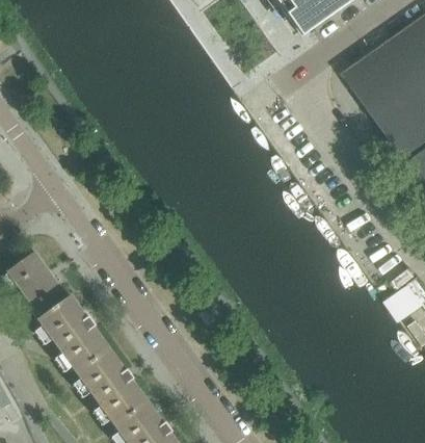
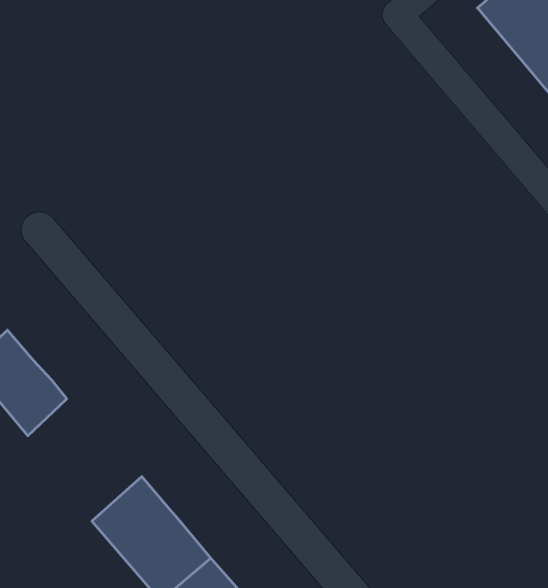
building: [39,292,110,371] -> none

